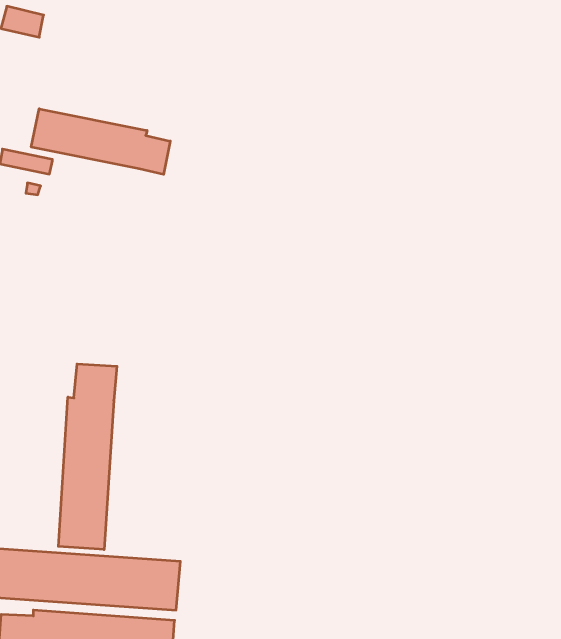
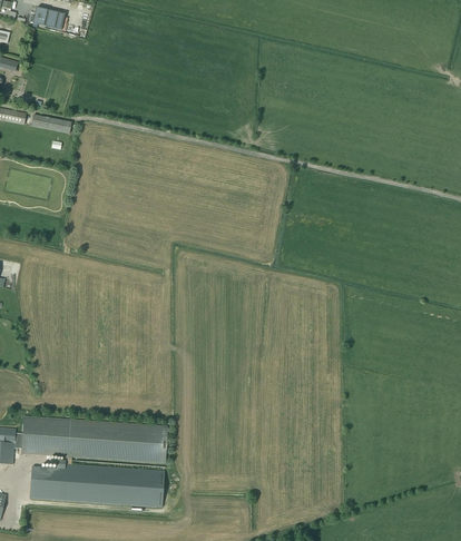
building: [31,109,170,174] -> none
building: [58,364,117,550] -> none

